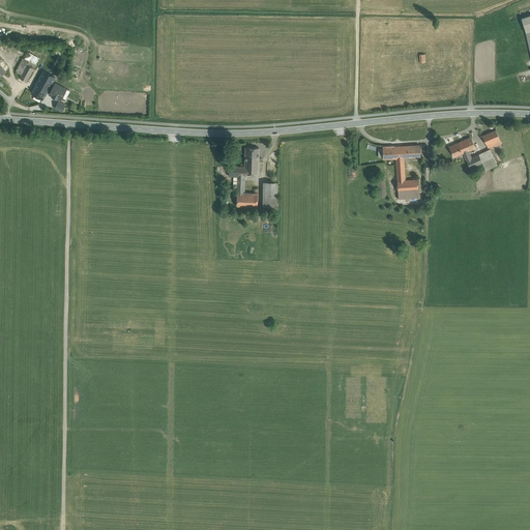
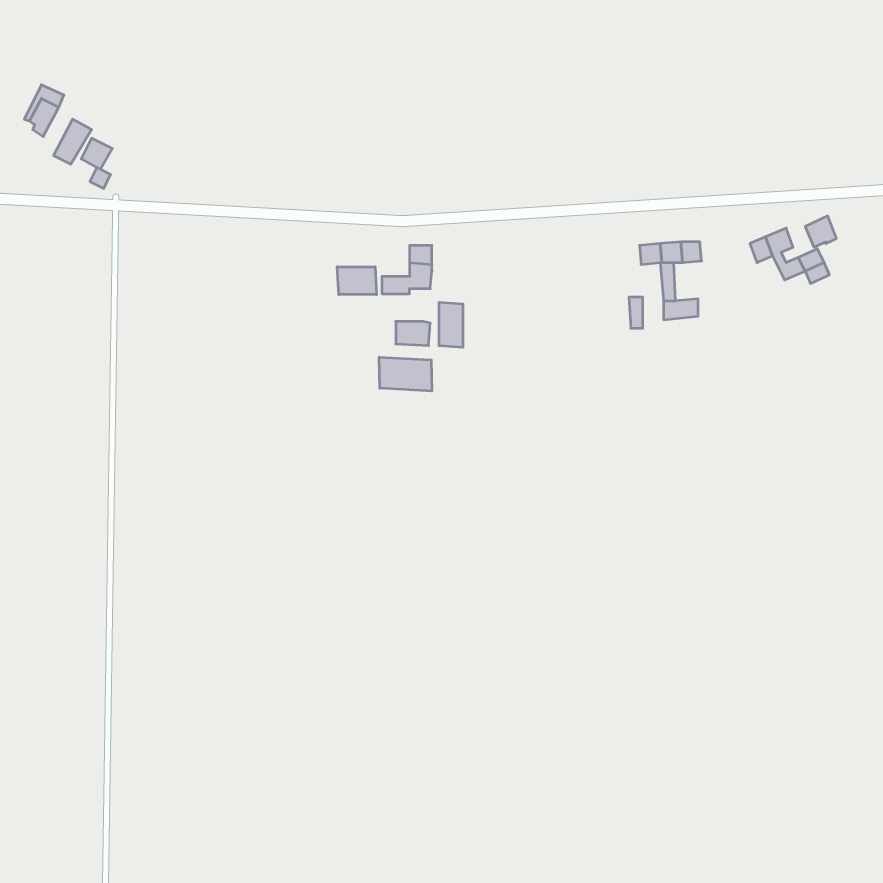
building: none -> [337,267,377,295]
building: none -> [379,357,432,391]

